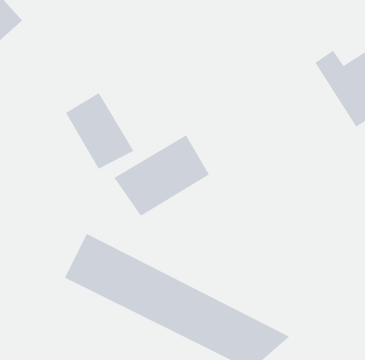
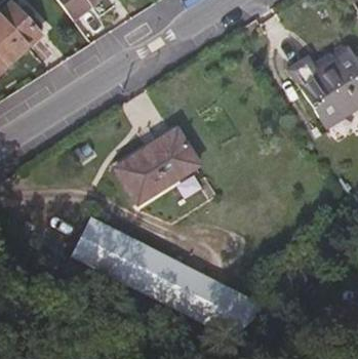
building: [65,92,134,169] -> none

